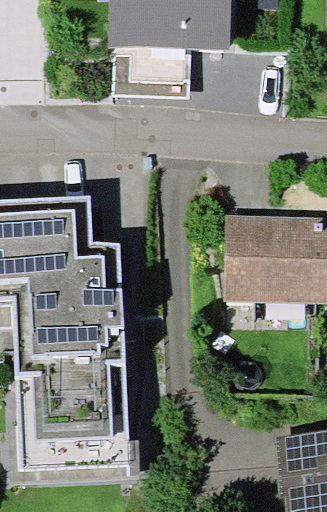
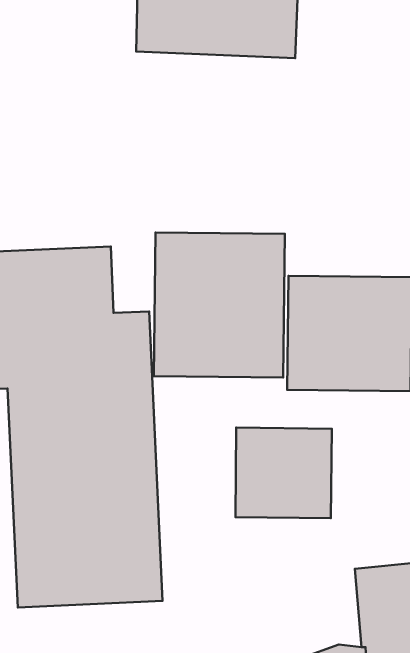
building: none -> [154,232,285,378]
building: none -> [235,428,332,518]

